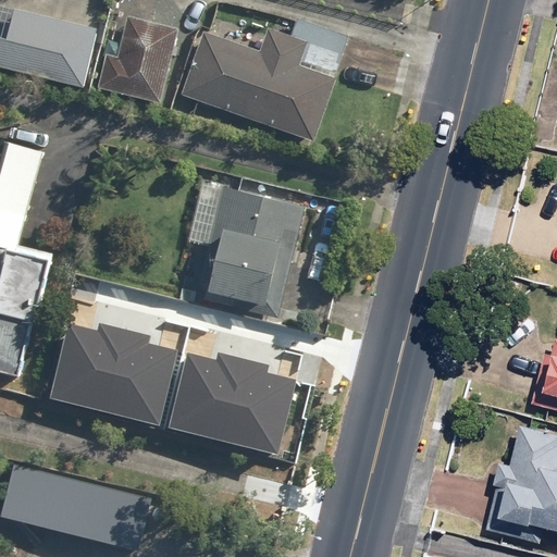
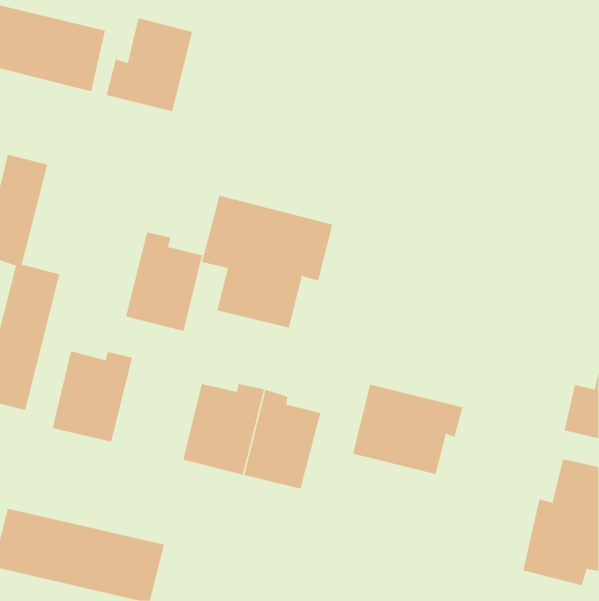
building: [182,18,347,138] -> none
building: [103,331,175,423] -> [125,232,203,332]
building: none -> [353,384,463,475]

